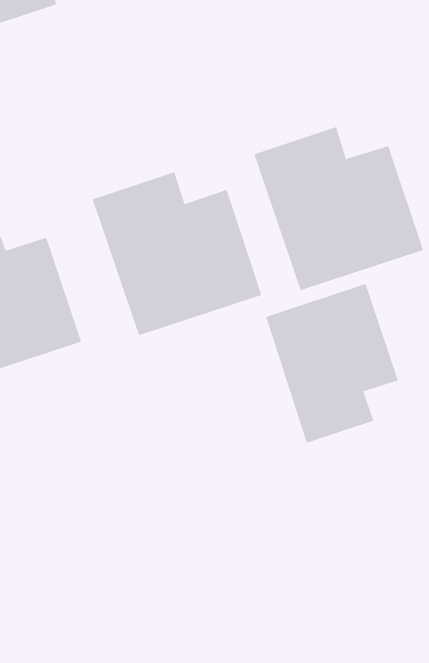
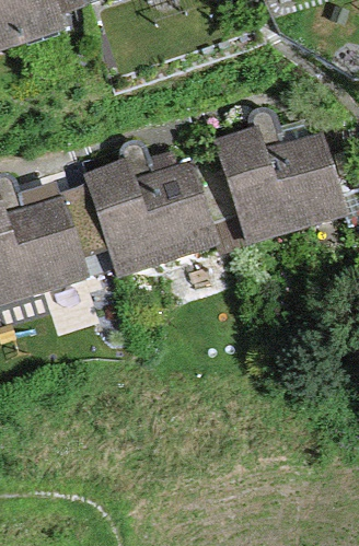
building: [265,283,399,443] -> none

